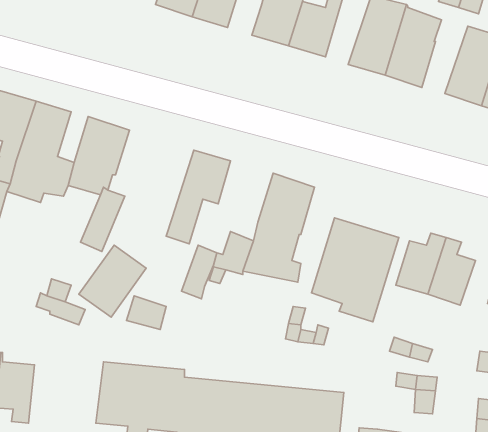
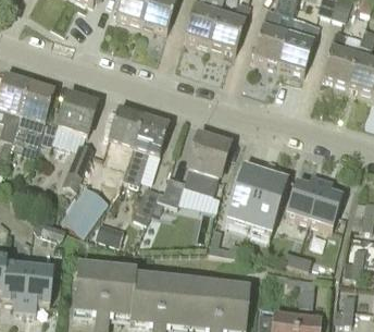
building: none -> [103,108,142,164]
building: none -> [25,269,53,311]

